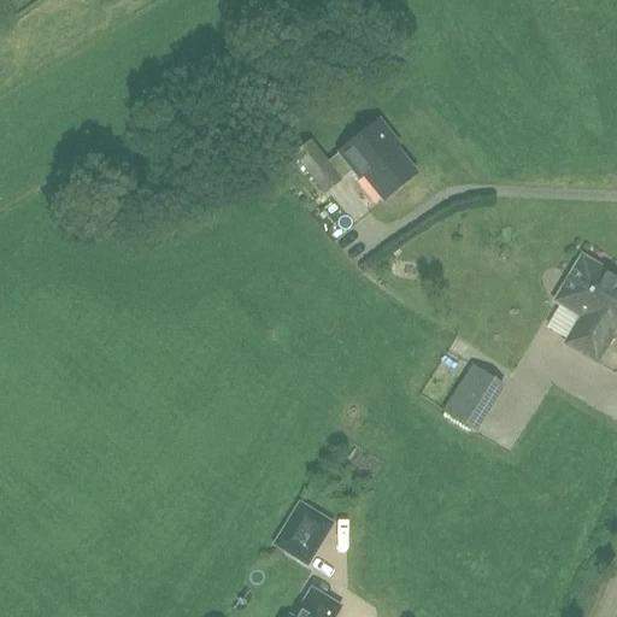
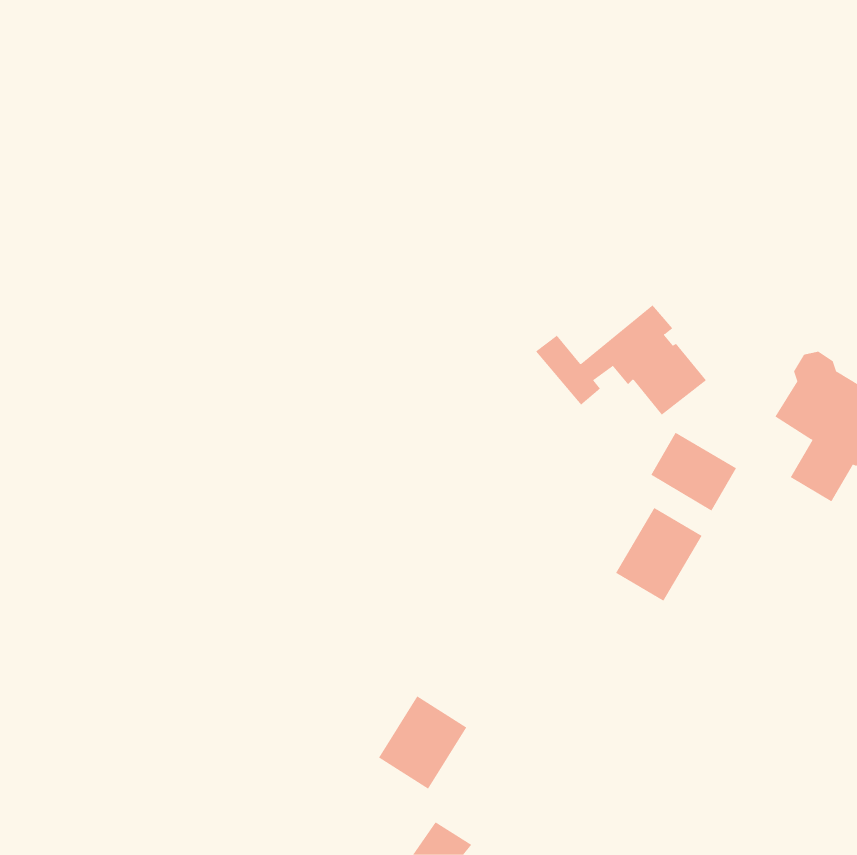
building: [295,118,418,198] -> [535,305,707,415]
building: none -> [650,432,737,511]

